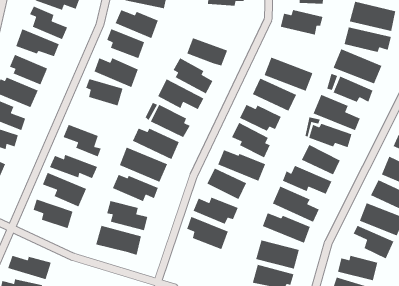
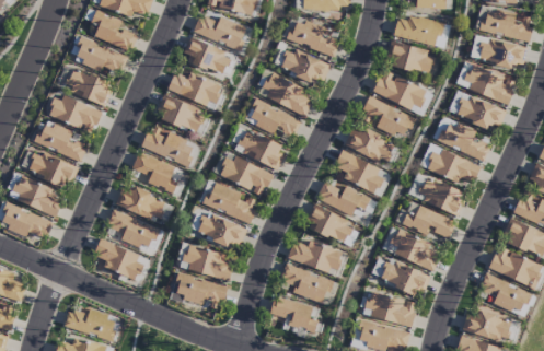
building: none -> [288,17,340,57]
building: none -> [385,42,436,74]
building: none -> [142,125,196,166]
building: none -> [269,296,319,331]

